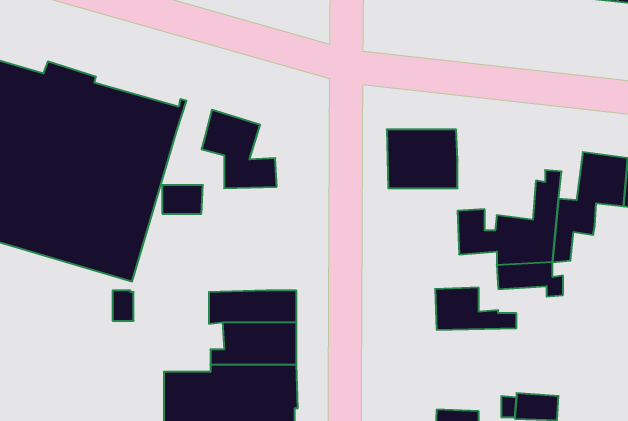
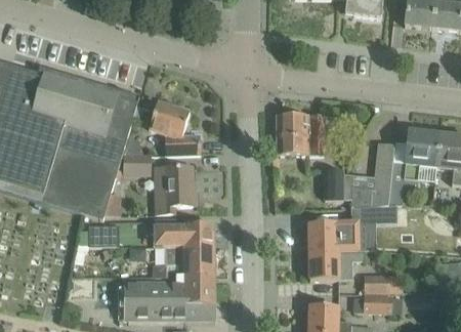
building: none -> [155,164,194,211]
building: none -> [309,249,365,279]
building: none -> [363,273,403,291]

